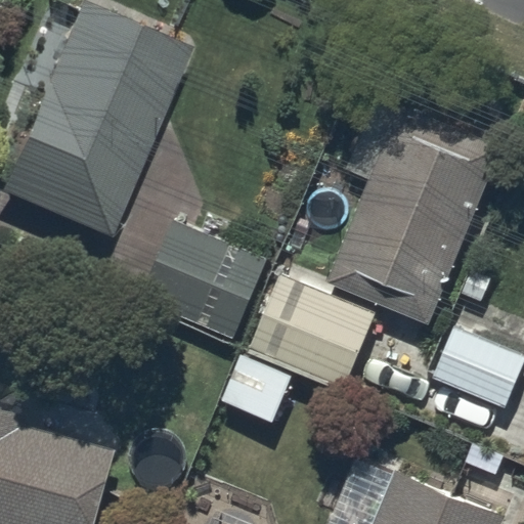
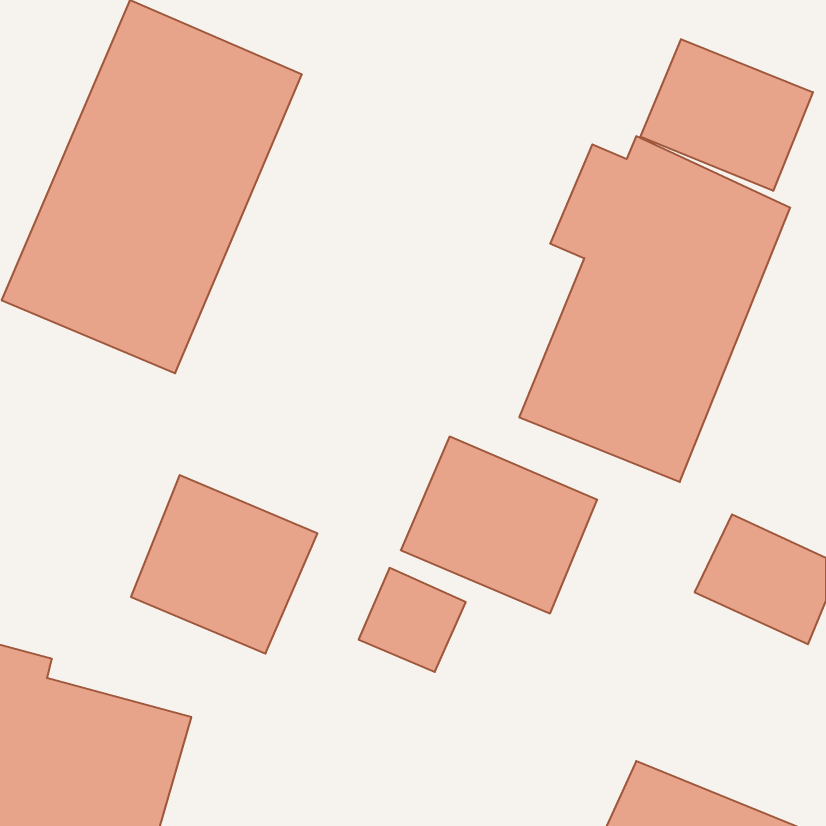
building: none -> [640,39,813,191]
building: [145,227,263,340] -> [131,475,317,654]

